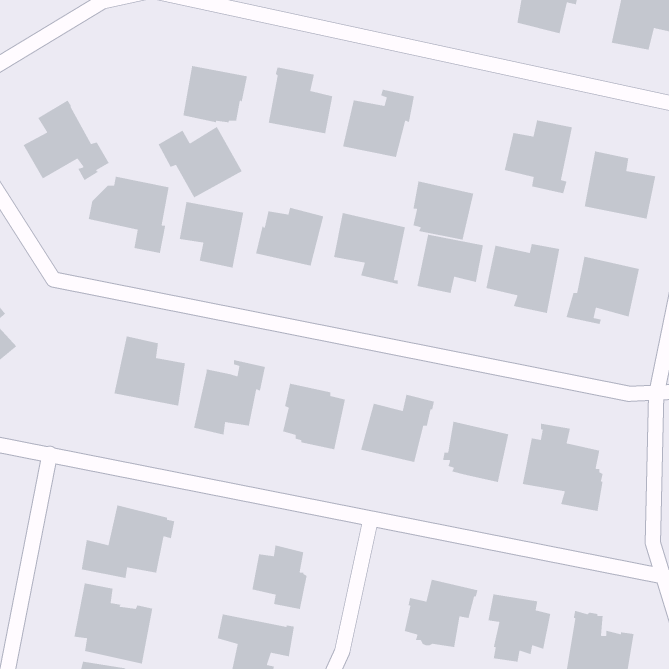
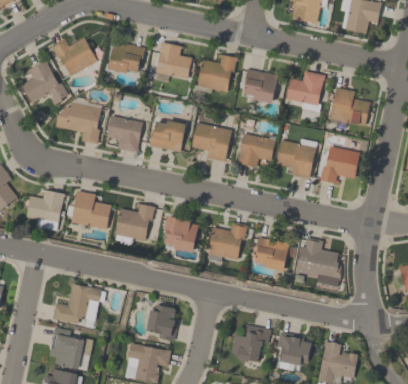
building: [157,126,243,199] -> [50,36,97,76]
building: [412,181,474,240] -> [243,69,277,102]
building: none -> [25,190,64,231]

